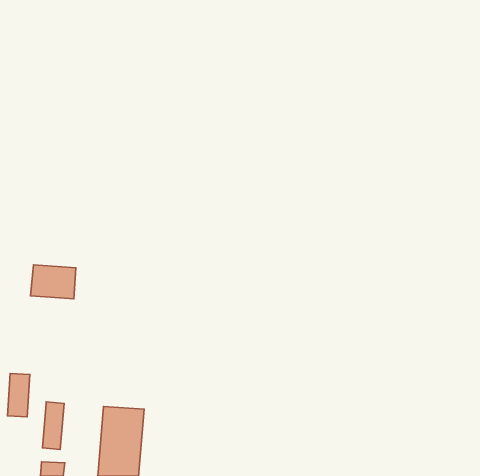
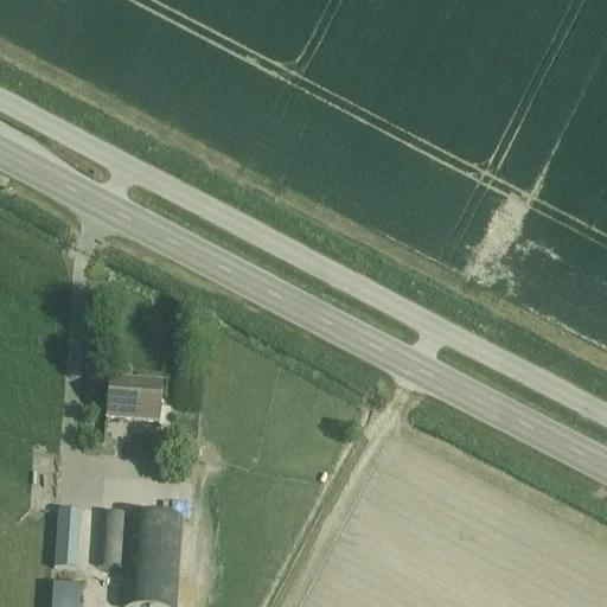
building: [31,265,76,299] -> [106,376,162,418]
building: [7,373,30,417] -> [98,510,127,564]

